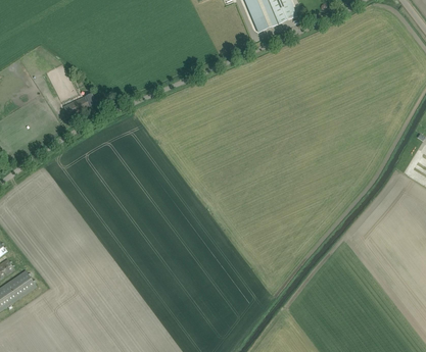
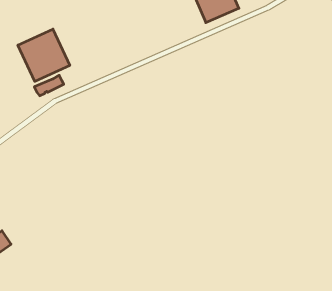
building: none -> [18,29,70,81]

